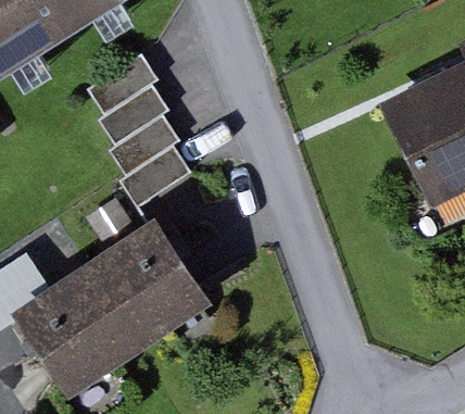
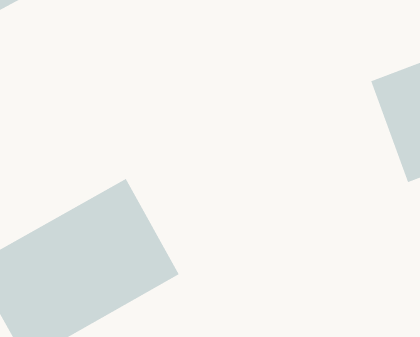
building: [81,58,186,202] -> none

